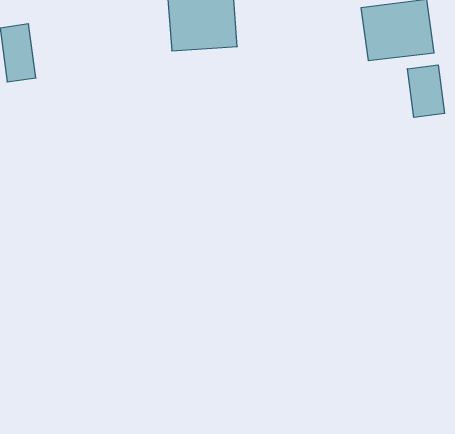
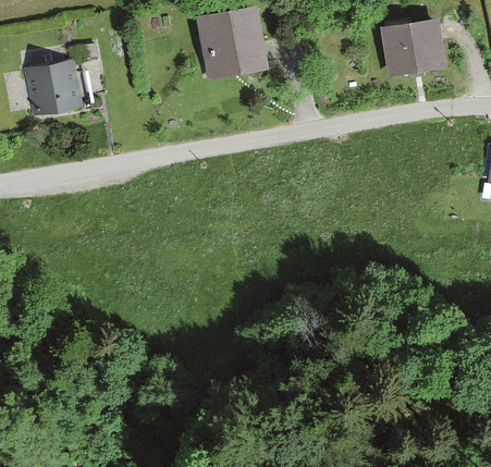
building: [407,65,445,117] -> none

